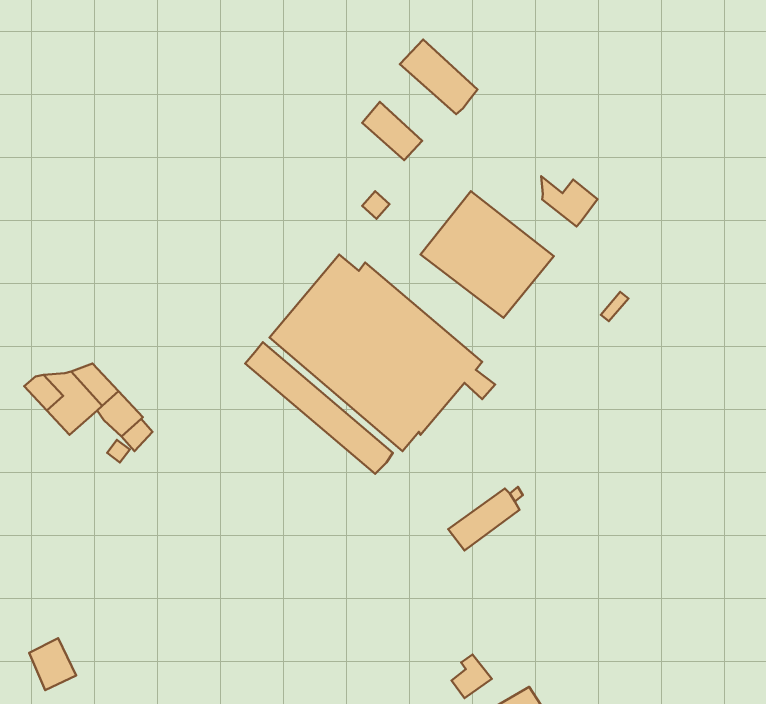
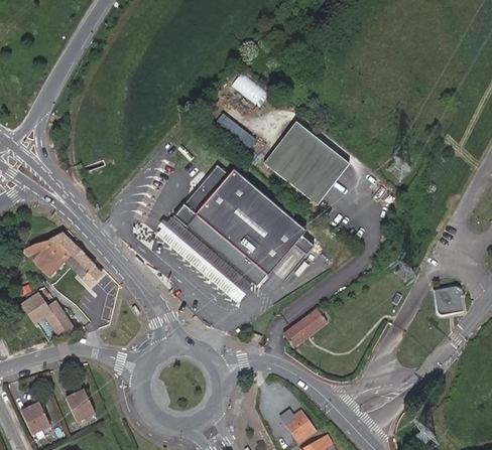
building: [400,39,478,114] -> none
building: [541,176,598,226] -> none
building: none -> [437,288,462,313]
building: none -> [24,292,75,337]
building: none -> [68,389,97,420]

